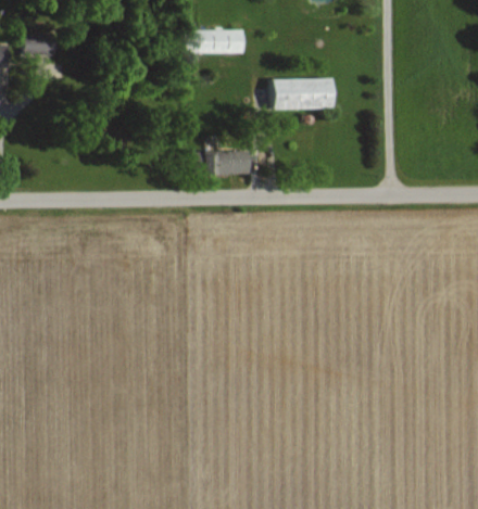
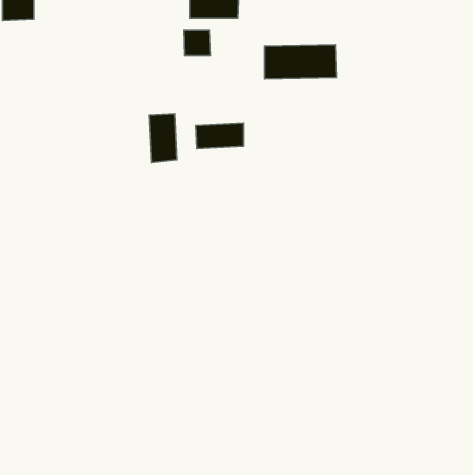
building: none -> [184,30,210,56]
building: none -> [149,114,177,162]

